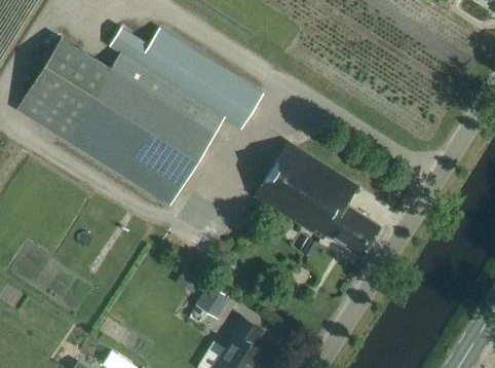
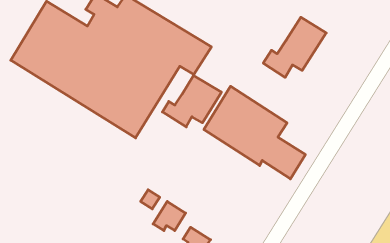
building: none -> [263,17,326,77]
building: none -> [162,75,221,127]

